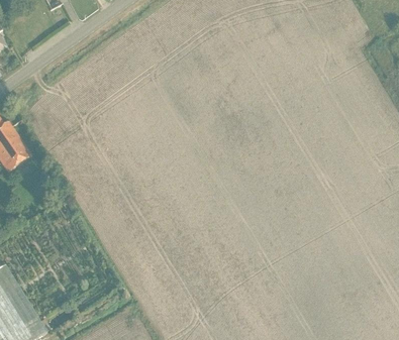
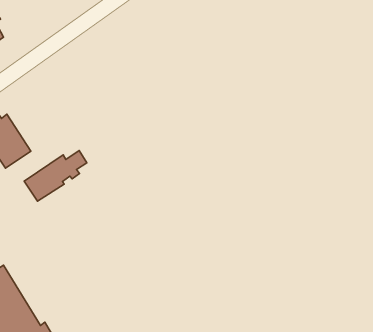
building: none -> [24,150,87,201]

